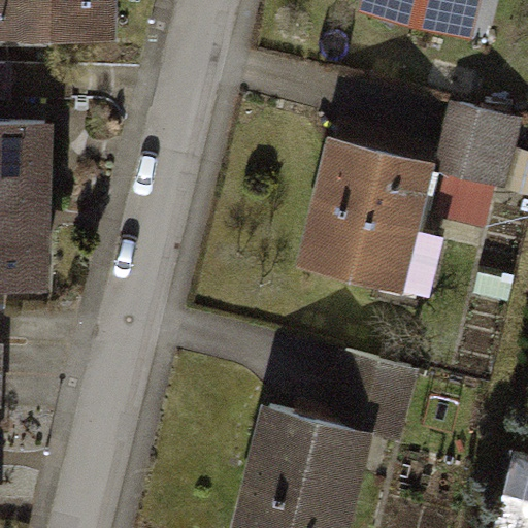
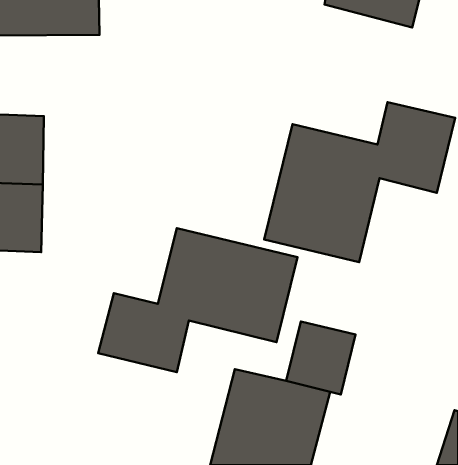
building: none -> [98,228,298,372]

